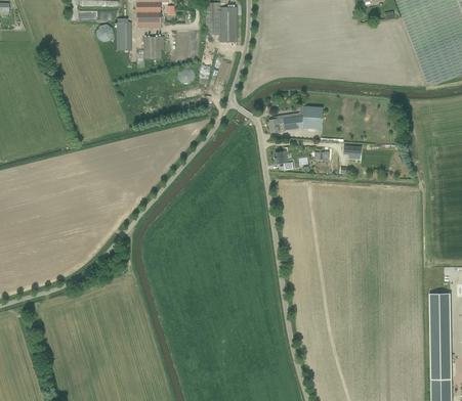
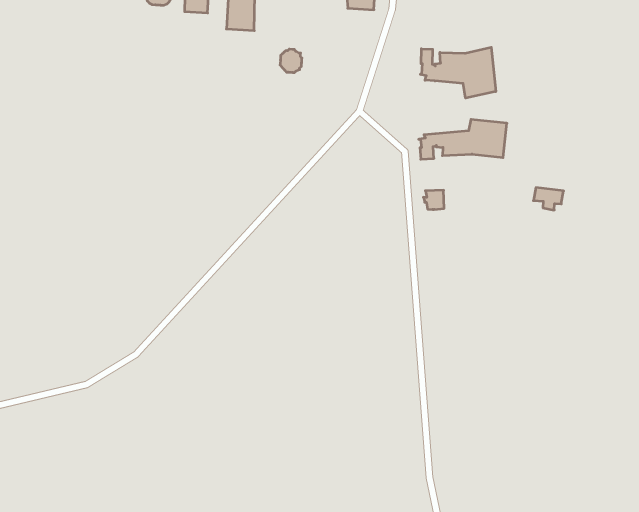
building: none -> [420,47,496,98]

